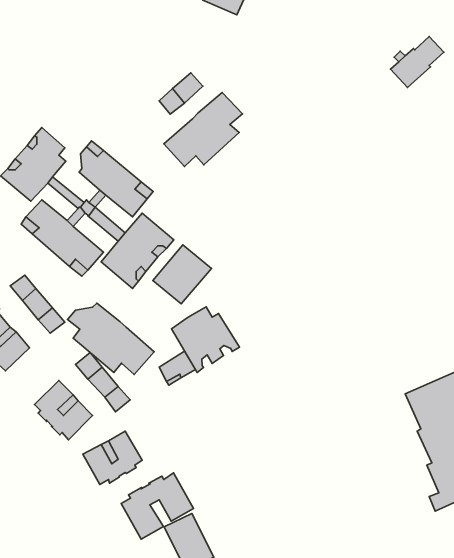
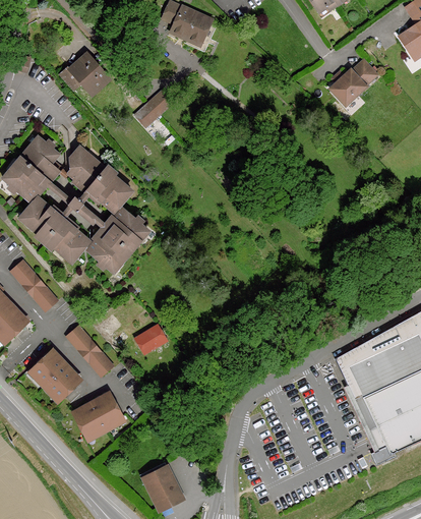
building: none -> [61,55,108,94]
building: [164,93,243,167] -> none
building: [153,245,211,304] -> none
building: [68,303,154,374] -> none
building: [171,307,239,372] -> none
building: [121,473,194,539] -> none

